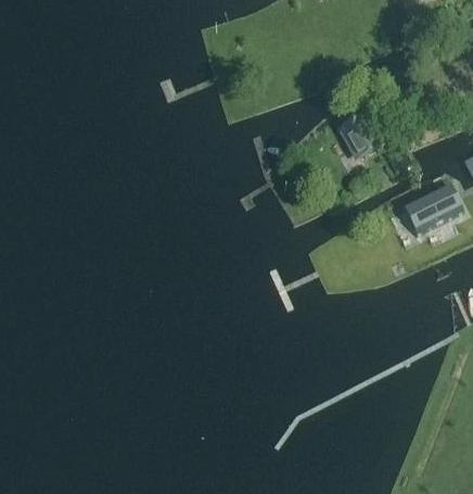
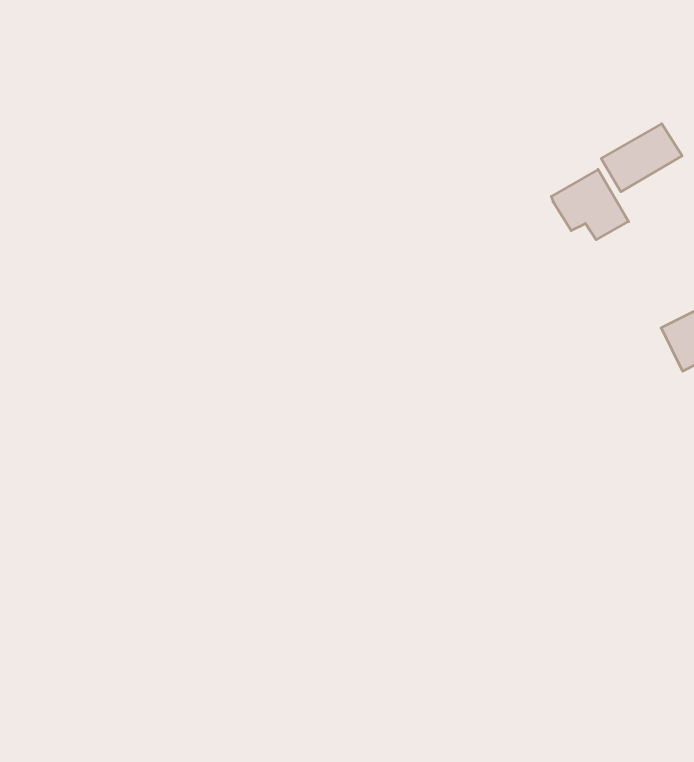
building: none -> [601,124,682,192]

